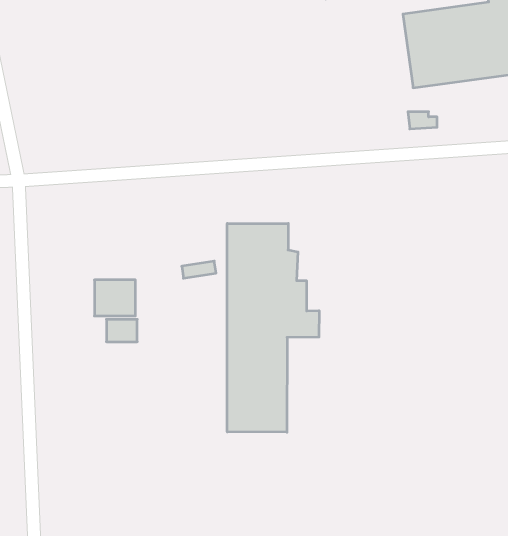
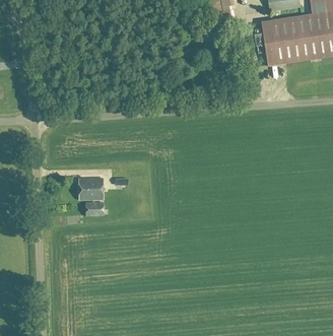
building: [227,223,319,432] -> none

